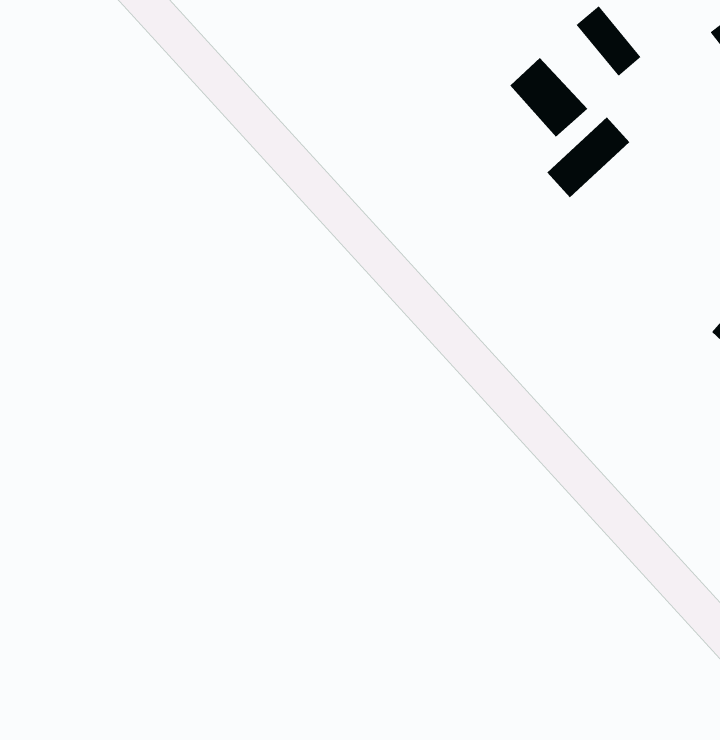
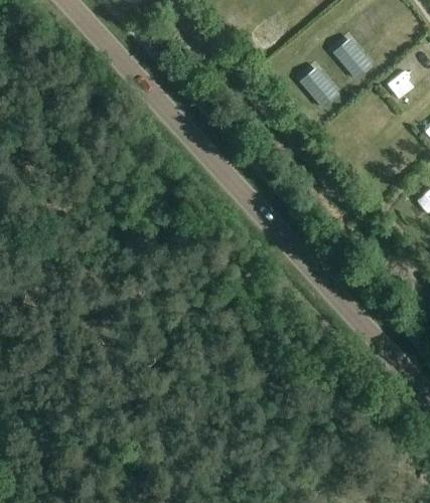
building: [547,117,630,198] -> none

